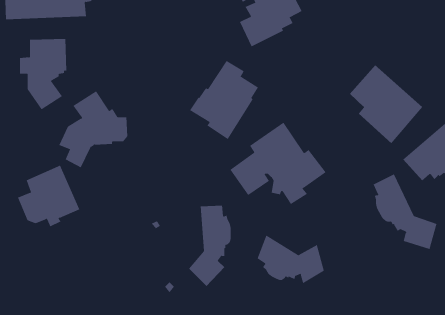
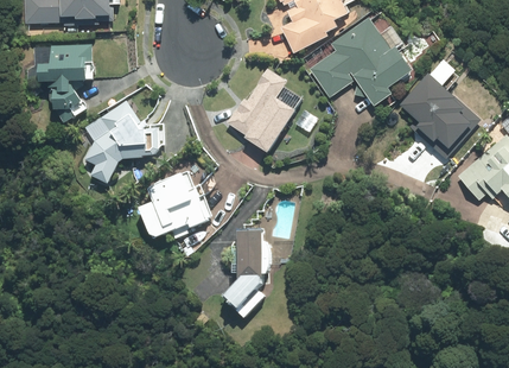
building: [229,122,326,205] -> [308,17,414,107]
building: [17,165,80,227] -> [138,167,206,235]
building: [373,173,437,250] -> none
building: [257,234,324,284] -> none

